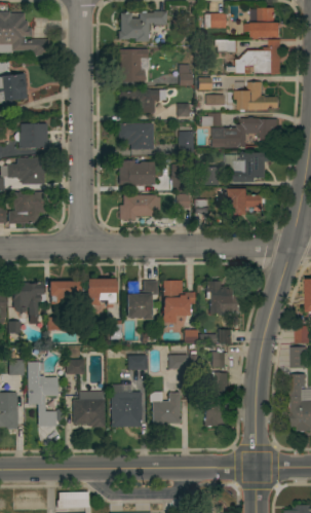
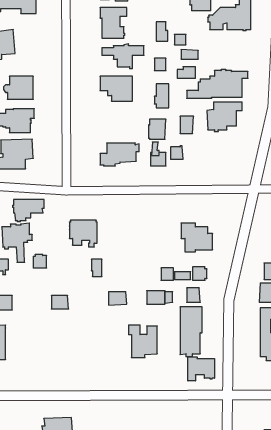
building: [235,81,279,111] -> none
building: [120,160,155,185] -> none
building: [229,188,266,214] -> none
building: [127,281,158,320] -> none
building: [163,281,196,323] -> none
building: [48,282,82,305] -> [13,200,44,222]
building: [28,362,57,427] -> none
building: [112,384,143,427] -> none
building: [73,392,106,428] -> none
building: none -> [188,357,214,381]

